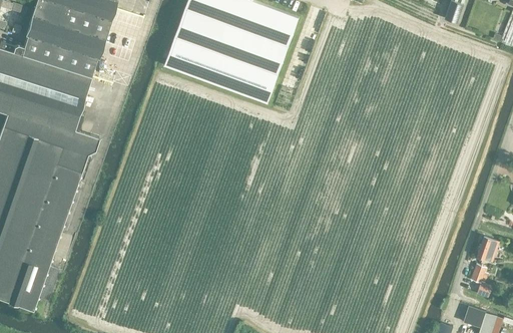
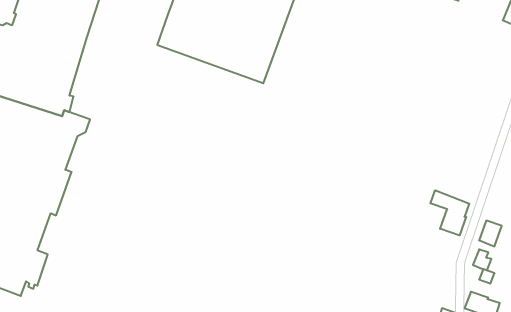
building: none -> [430,190,469,235]

